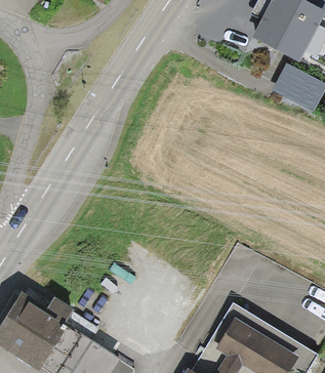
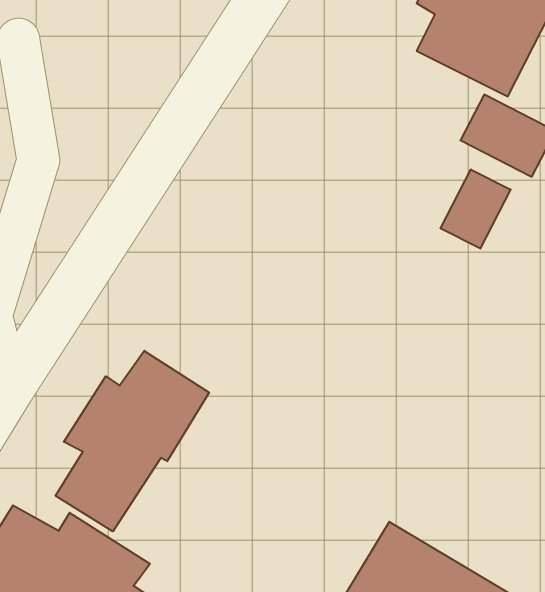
building: none -> [441,169,511,249]
building: none -> [56,351,209,531]

